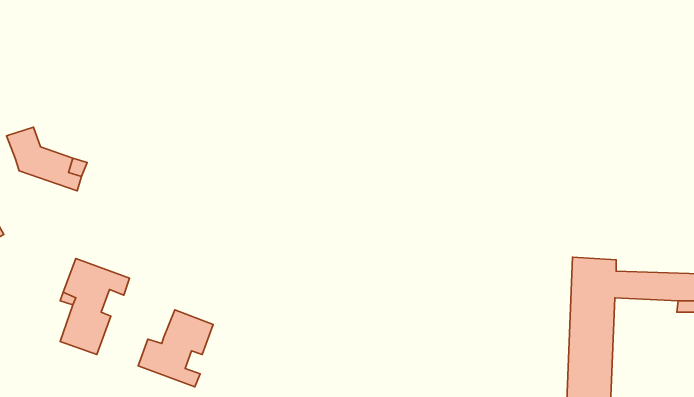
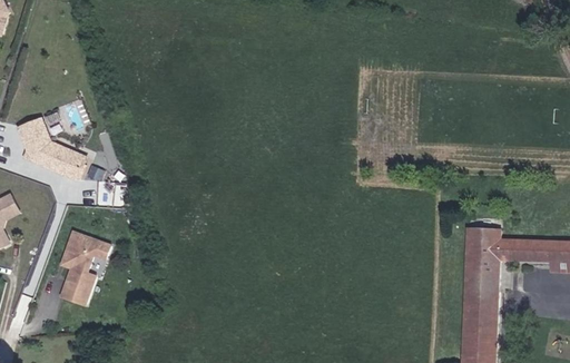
building: [138,310,213,387] -> none

